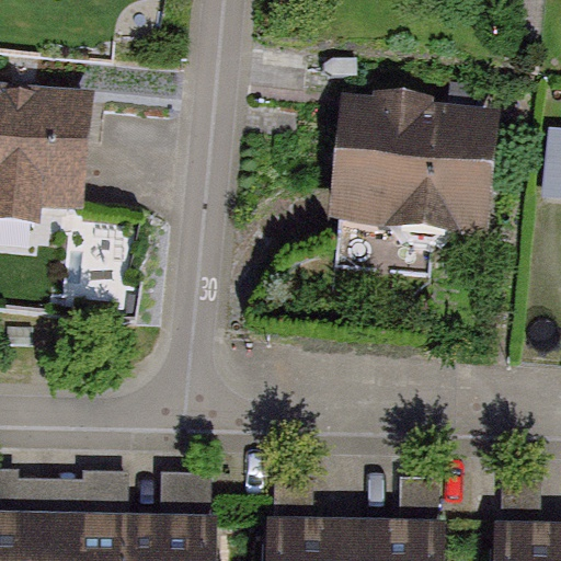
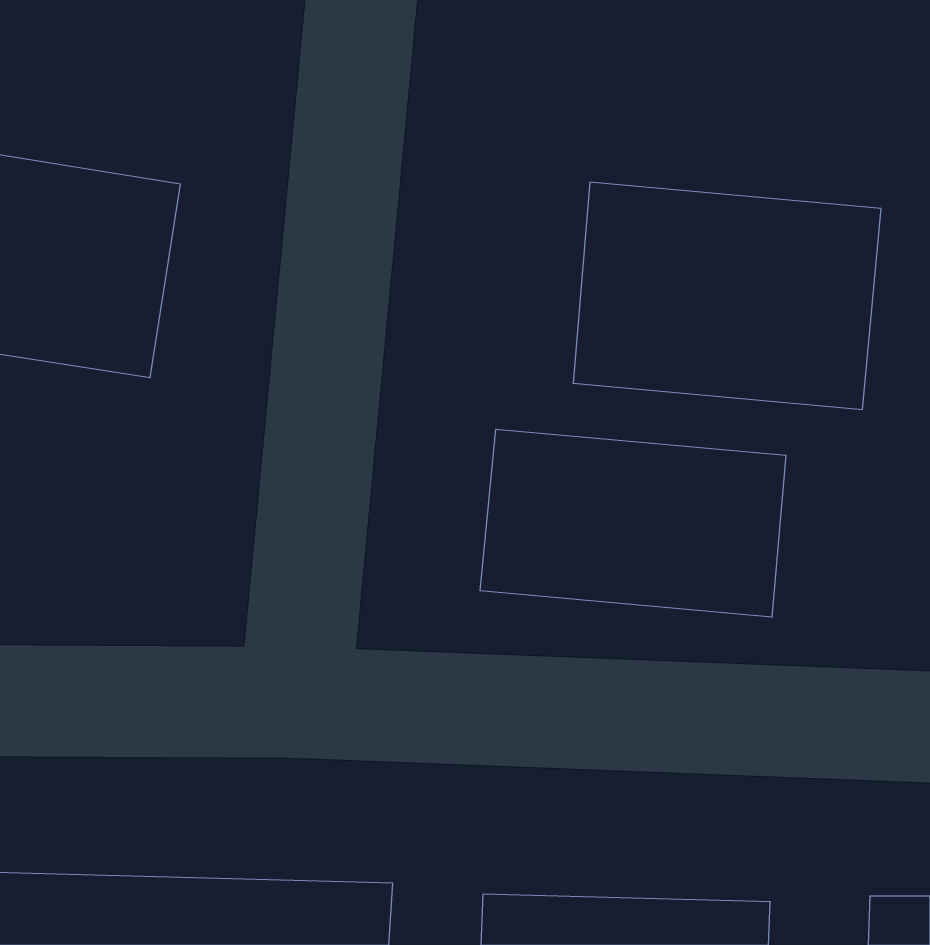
building: none -> [480,429,786,617]

